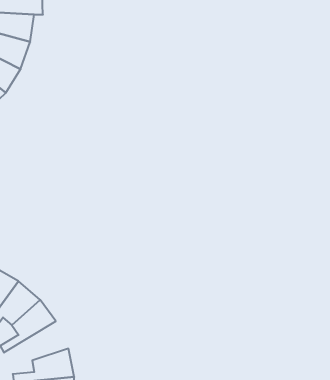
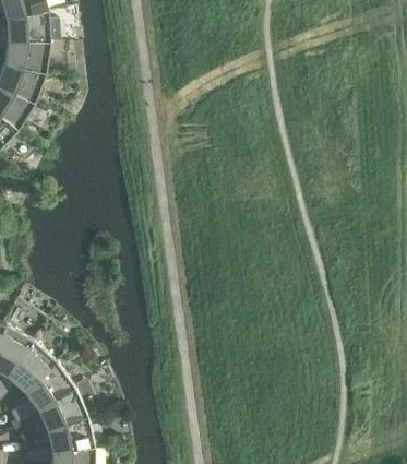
building: none -> [10,385,82,429]

